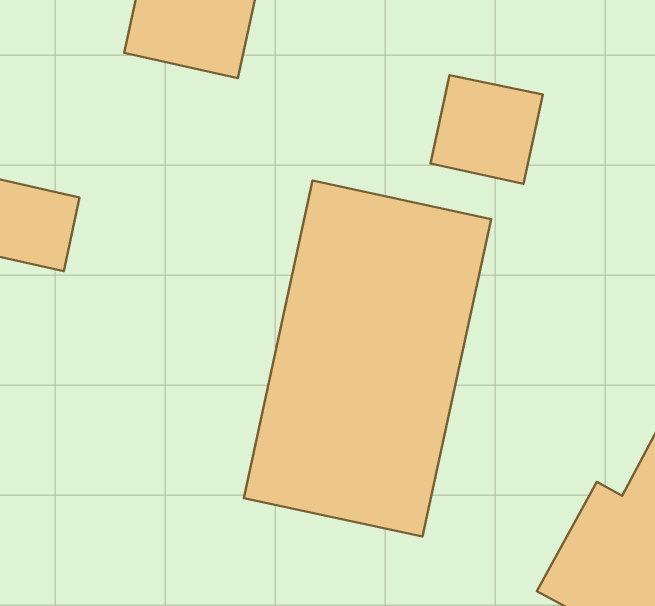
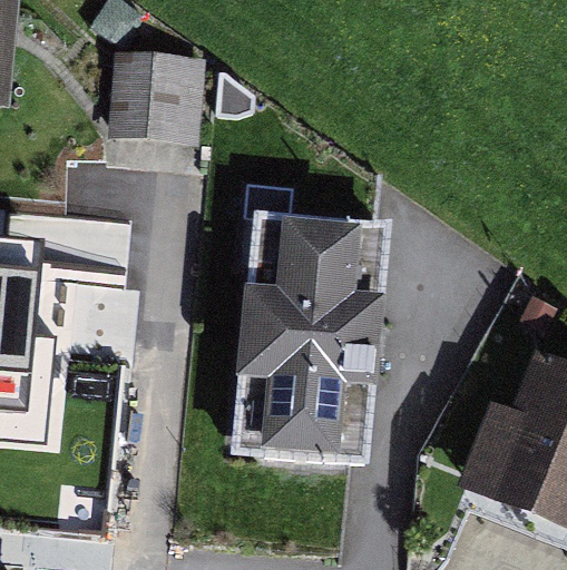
building: [430,75,543,184] -> none

